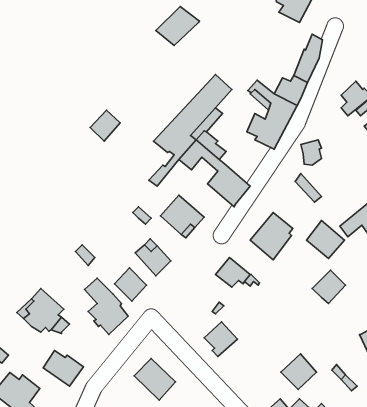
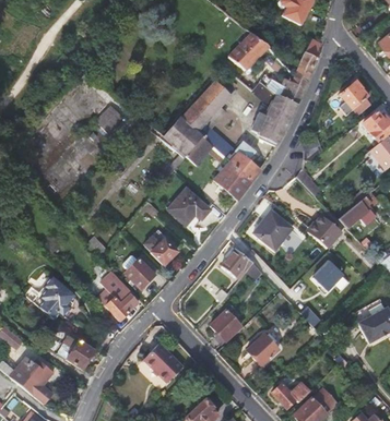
building: [156,6,200,45] -> [228,32,270,69]
building: none -> [228,140,261,180]
building: [281,354,317,390] -> [246,332,280,365]

